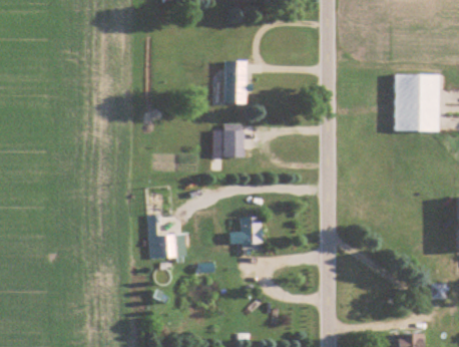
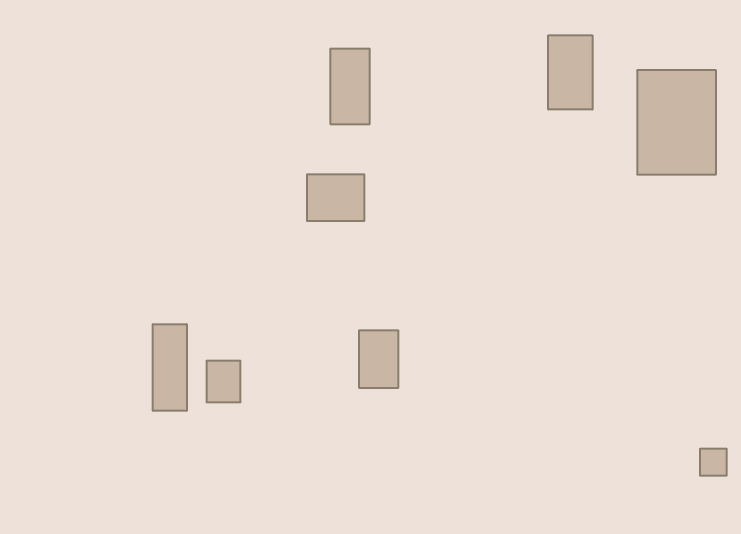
building: none -> [548,35,592,110]
building: none -> [153,324,187,411]

